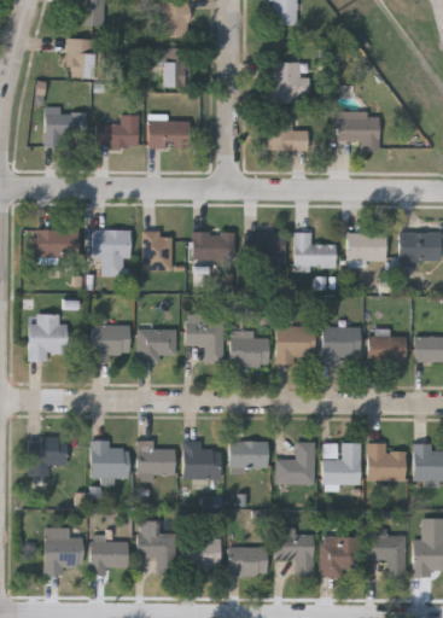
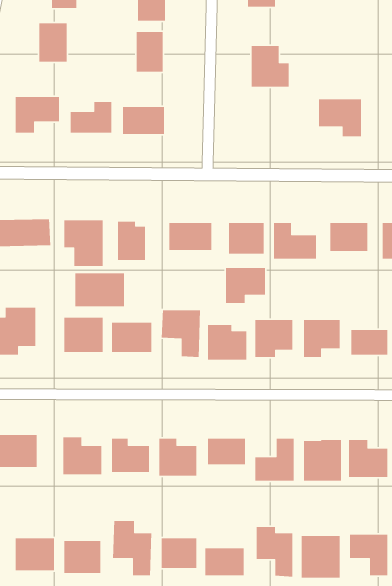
building: [267,113,308,151] -> none
building: none -> [225,267,266,304]
building: none -> [75,273,125,307]

